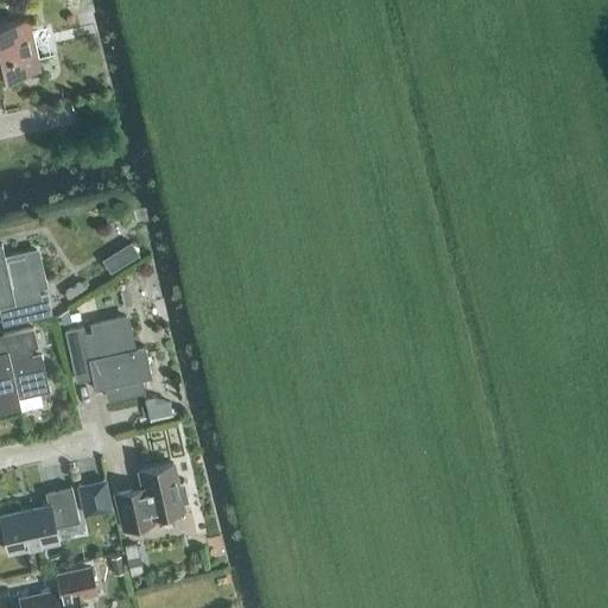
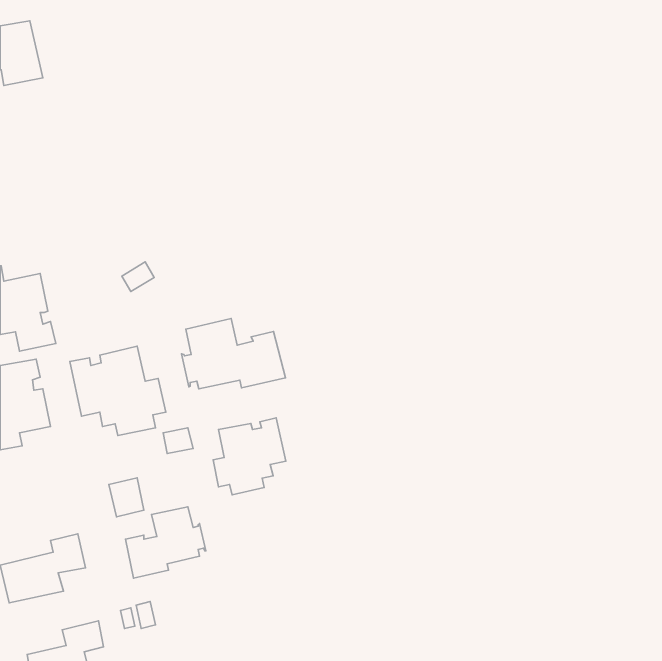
building: none -> [182,318,285,389]
building: none -> [213,418,286,495]
building: [78,483,110,519] -> [109,478,144,517]

